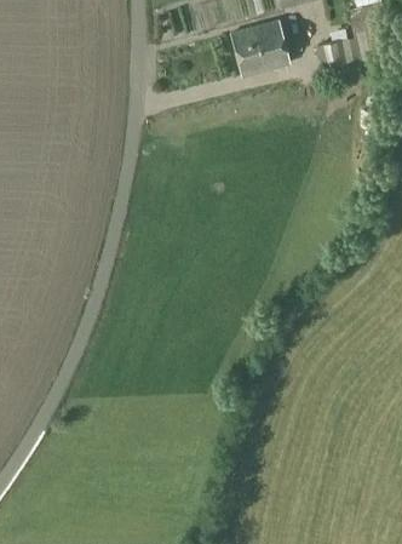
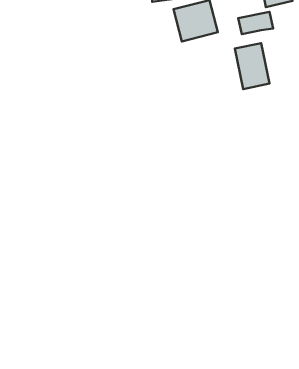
building: none -> [235,43,270,89]

